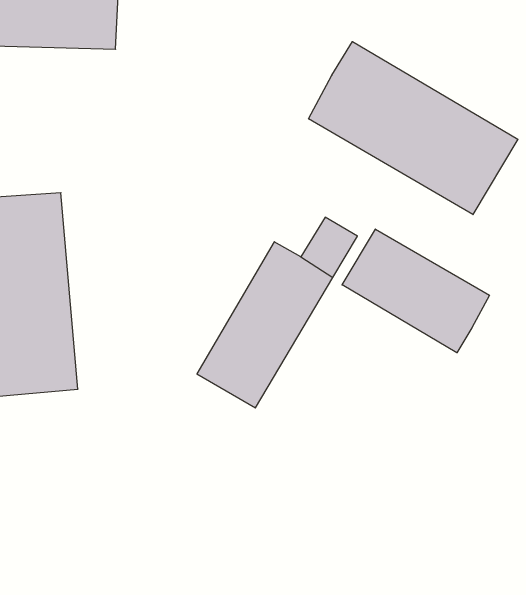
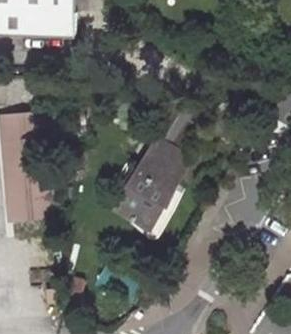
building: [309,42,518,215] -> none
building: [342,229,489,353] -> none

